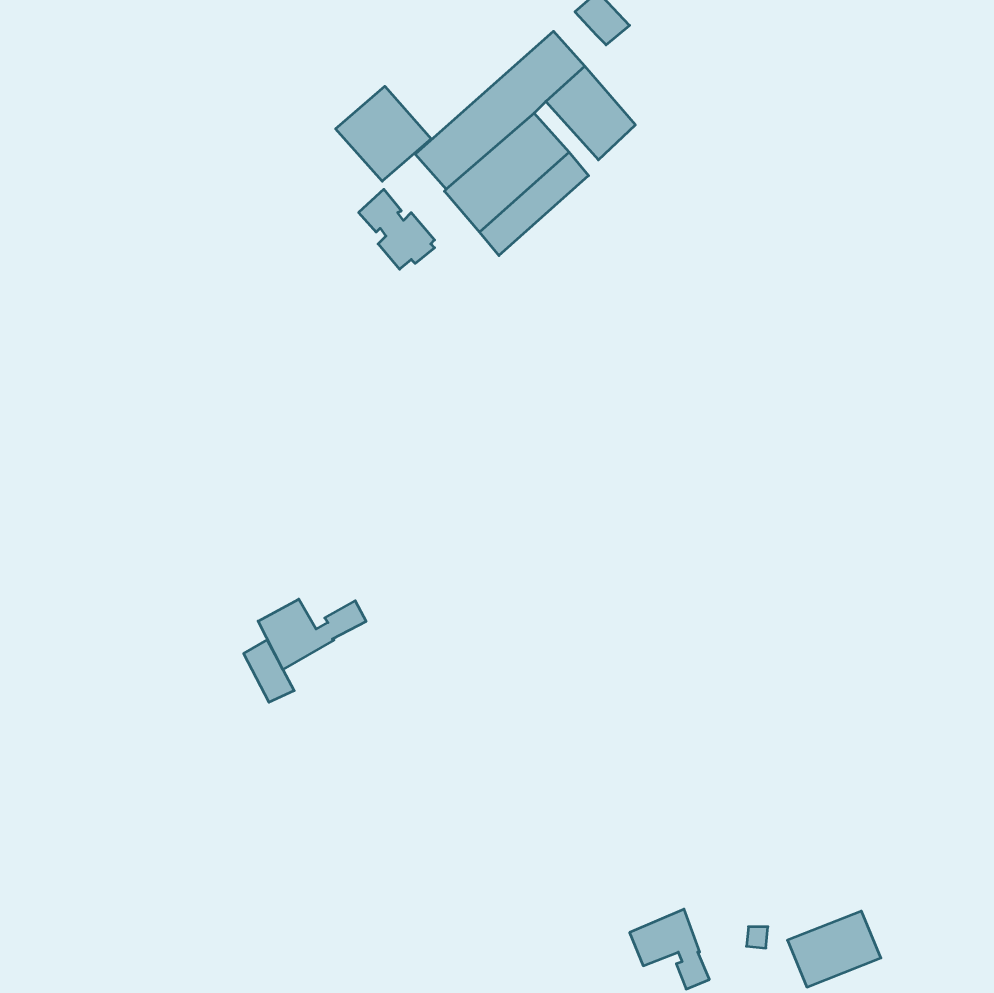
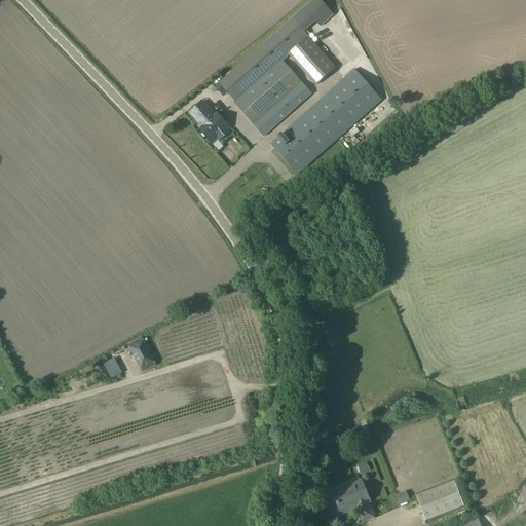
building: [336,86,431,181] -> none
building: none -> [271,68,382,173]
building: [258,599,366,670] -> none

